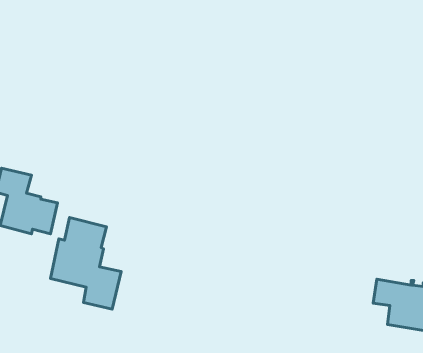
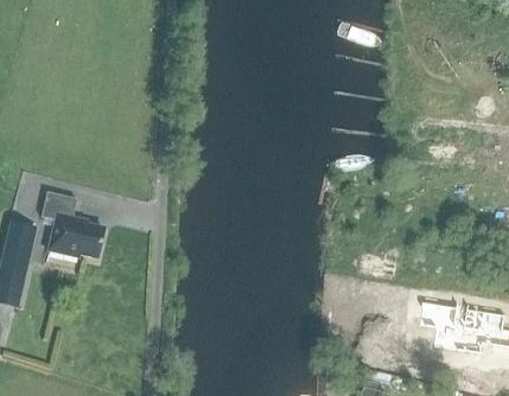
building: [50,217,121,309] -> none

